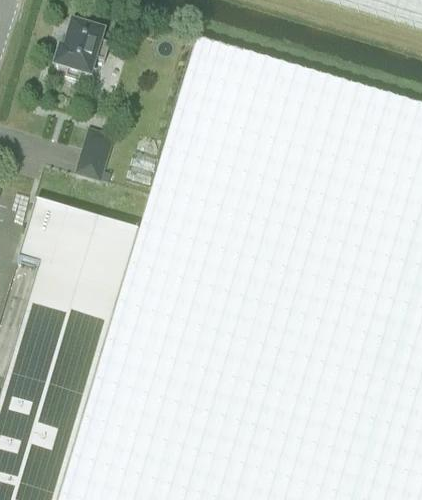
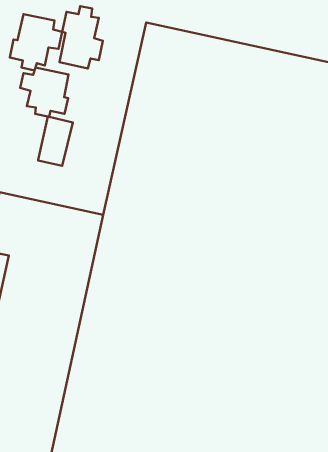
building: none -> [60,6,103,68]
building: none -> [20,67,69,117]

